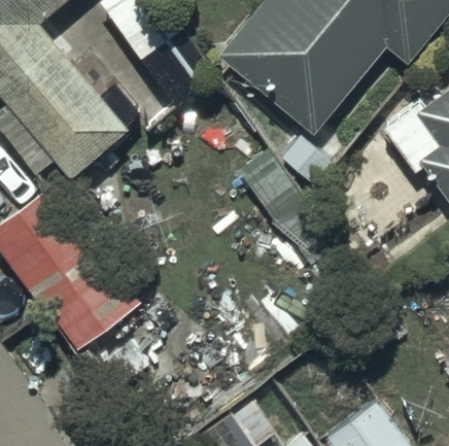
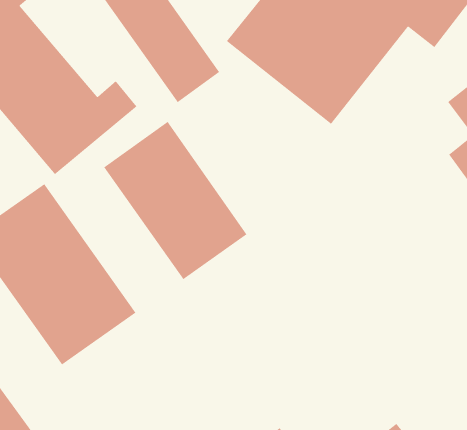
building: none -> [103,121,247,280]

